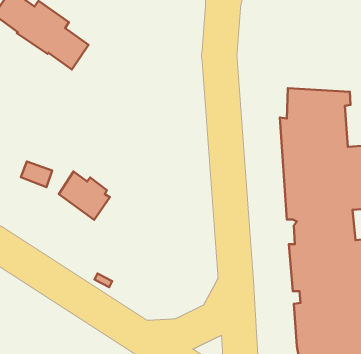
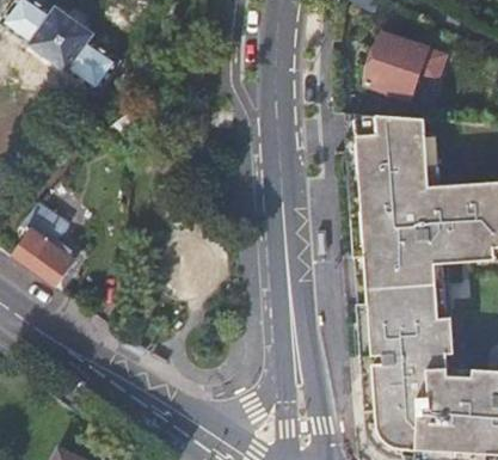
building: none -> [367,33,429,97]
building: [59,172,110,220] -> [13,228,75,287]

